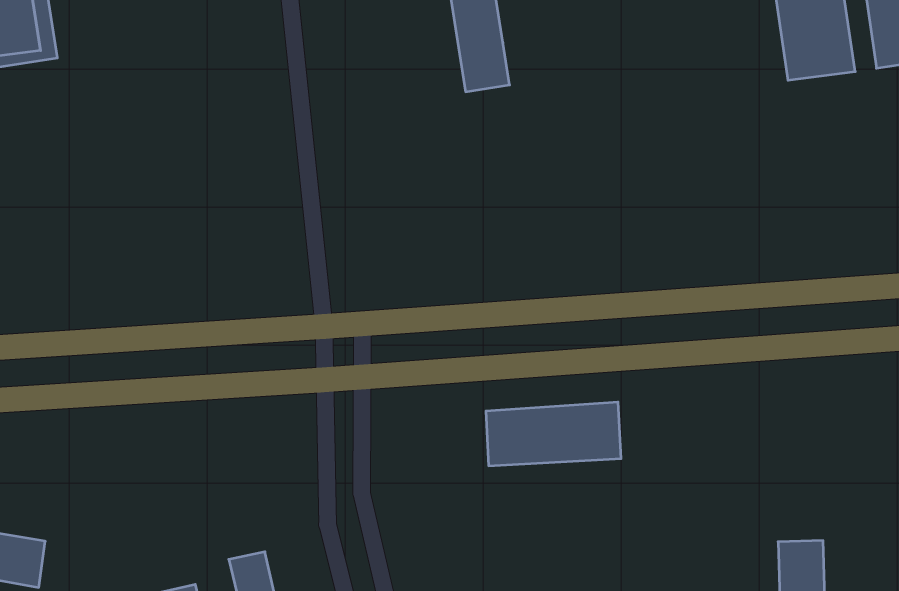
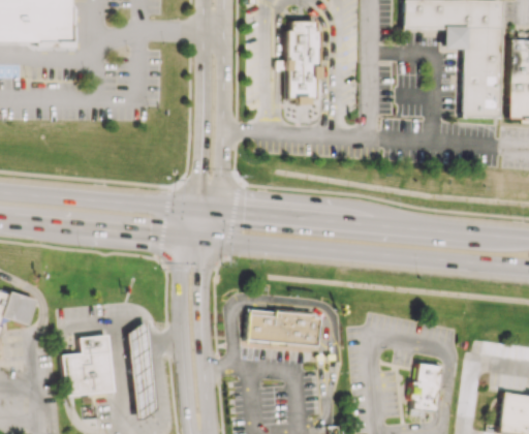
building: [486,402,621,466] -> [246,310,319,346]

